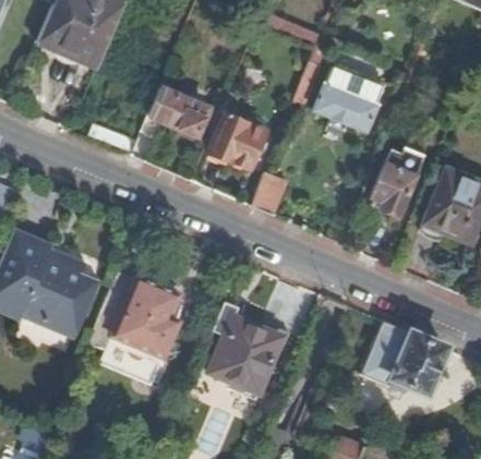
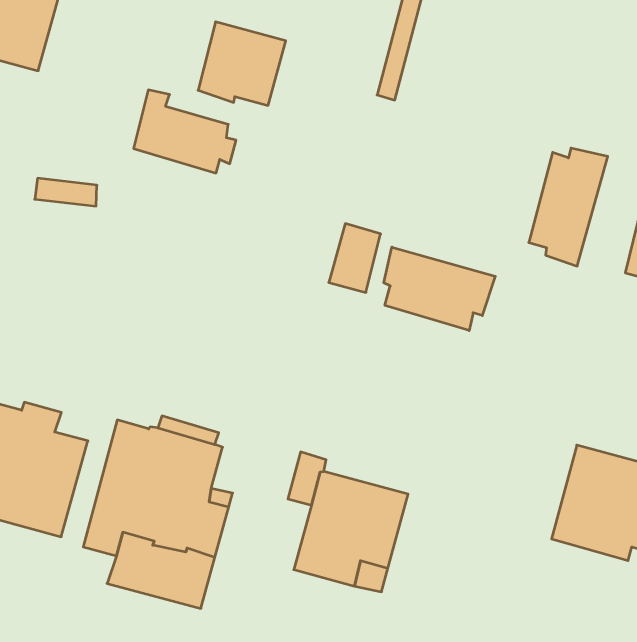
building: [313,63,383,133] -> none
building: [211,116,265,168] -> [198,22,286,105]
building: none -> [384,247,495,331]

